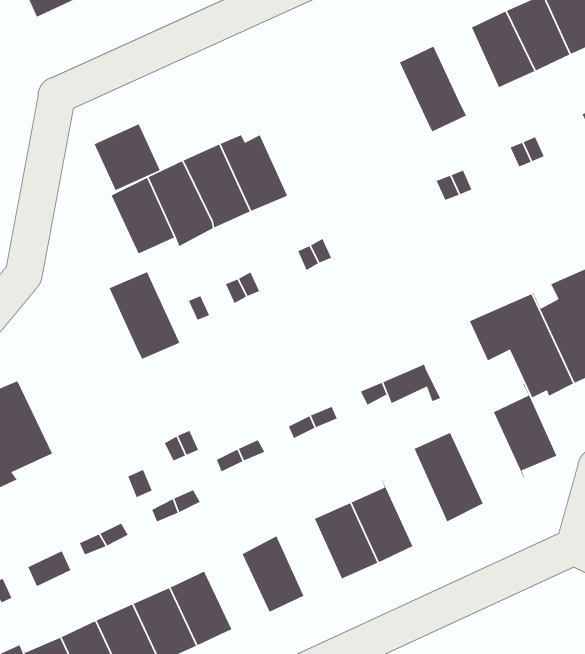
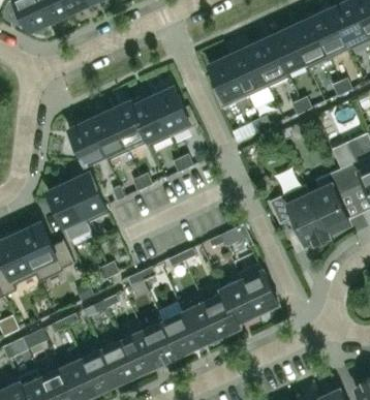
building: none -> [249,37,287,87]
building: none -> [208,57,248,110]
building: none -> [152,88,197,139]
building: [94,123,161,191] -> none
building: none -> [47,183,83,226]
building: none -> [17,223,73,281]
building: [493,382,557,480] -> [220,273,256,328]
building: none -> [161,312,197,356]
building: none -> [121,332,157,374]

